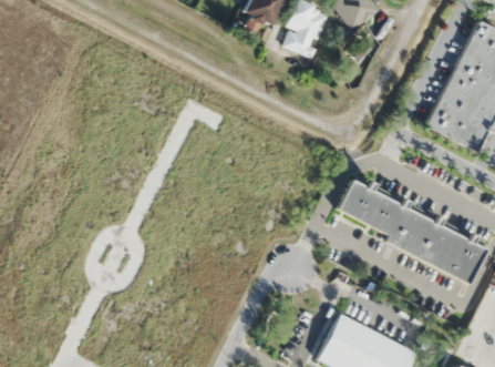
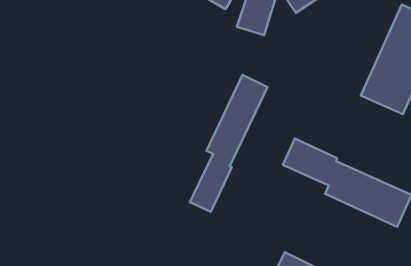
building: none -> [190,75,268,212]

